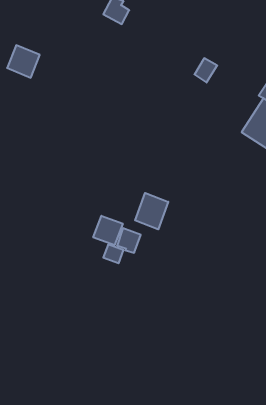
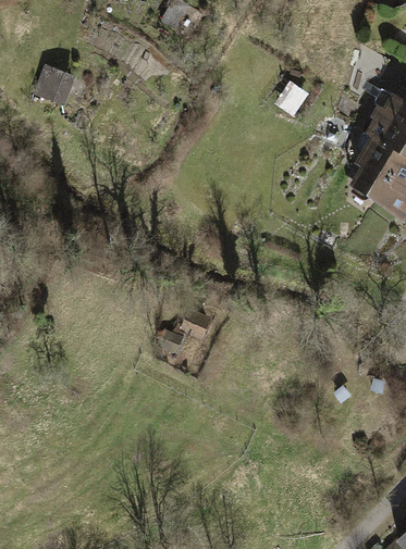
building: [135,193,168,229] -> none
building: [93,216,123,245] -> none

